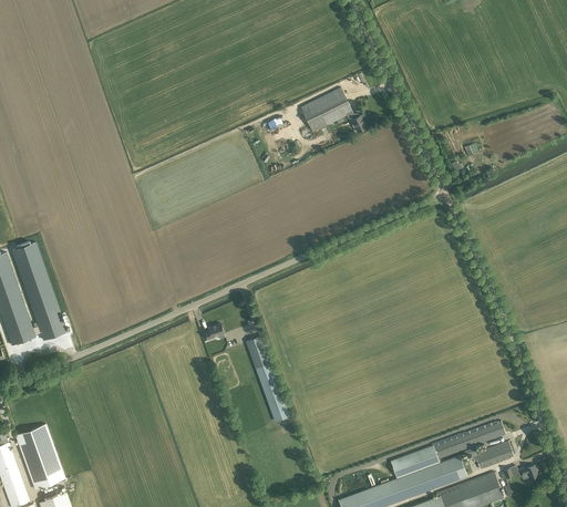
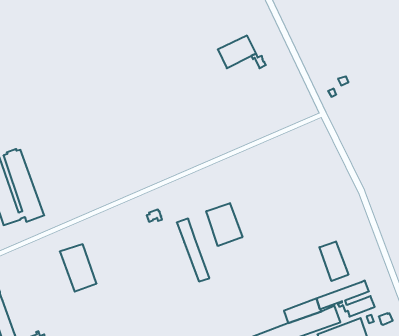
building: none -> [206,203,242,246]
building: none -> [319,241,348,281]
building: [14,424,64,488] -> [60,244,97,292]

